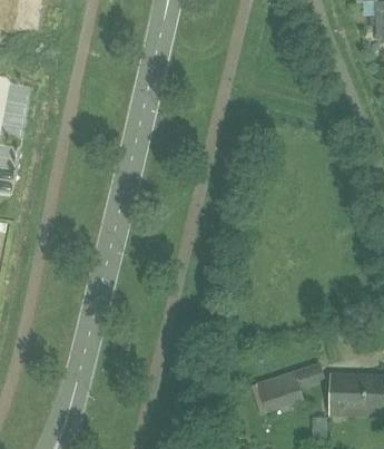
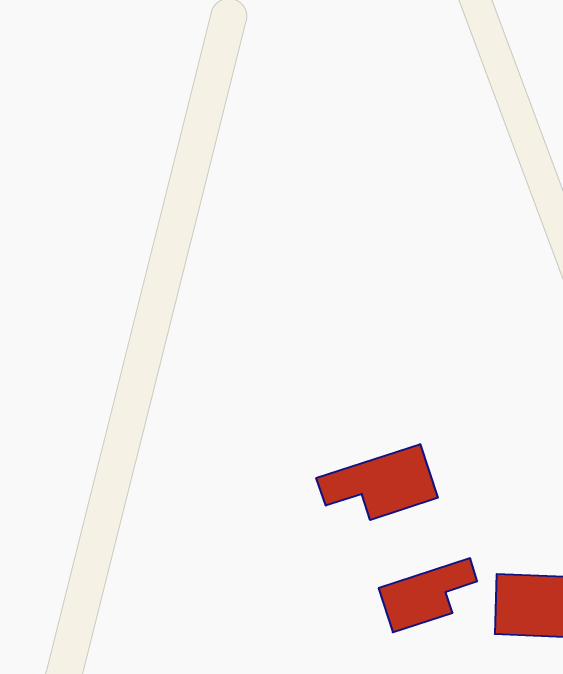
building: none -> [316,444,438,520]

